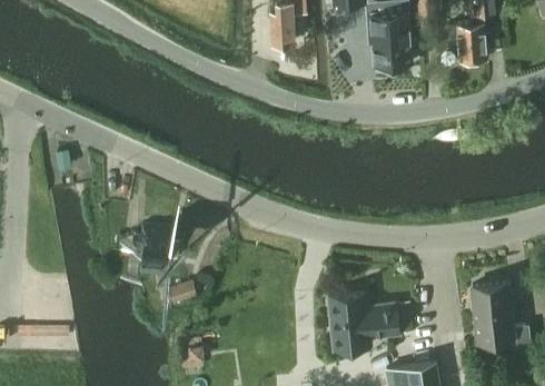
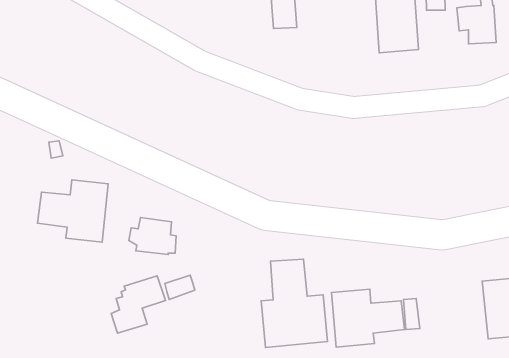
building: none -> [37,180,108,242]
building: none -> [261,259,327,348]
building: none -> [111,276,165,333]

